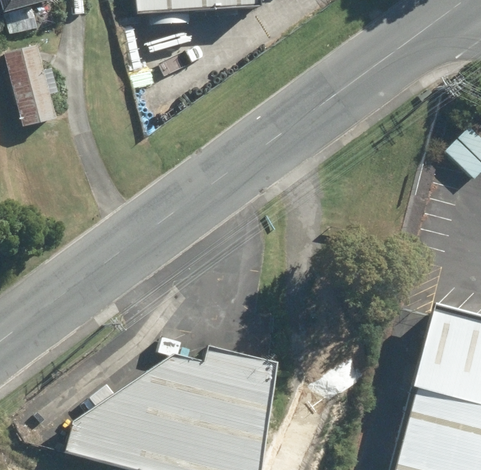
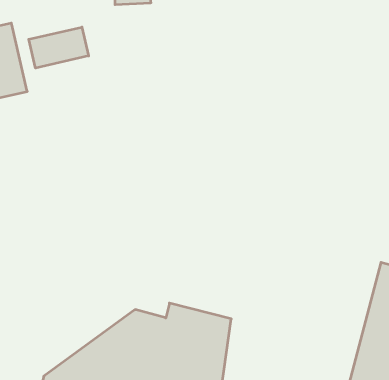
building: none -> [29,27,89,68]

